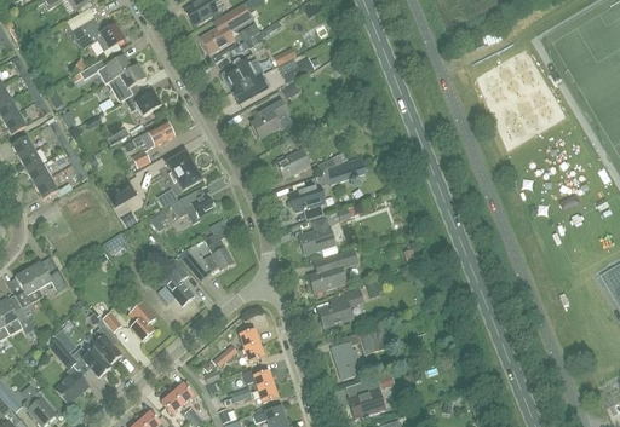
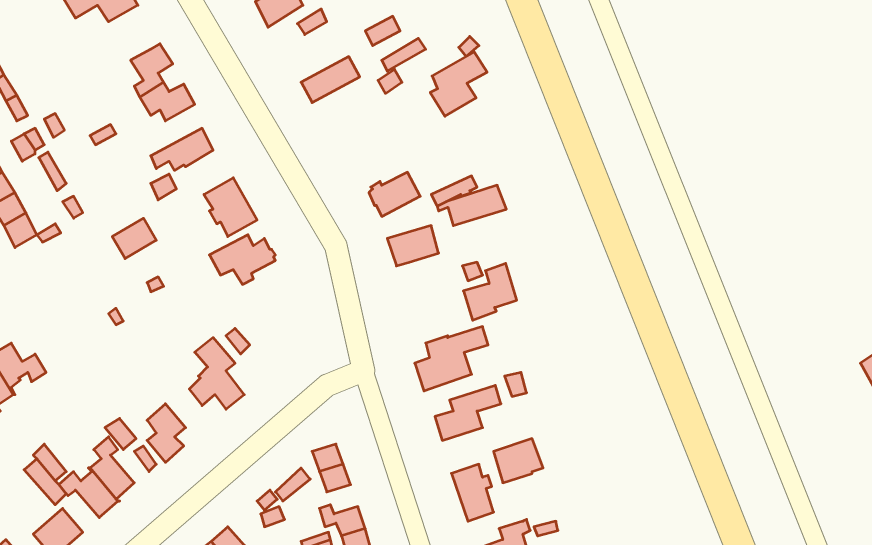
building: [80,54,132,83] -> none
building: [222,59,263,90] -> none
building: [251,96,288,138] -> [430,52,487,116]
building: [298,217,333,254] -> [463,263,517,320]
building: [203,229,234,269] -> none

